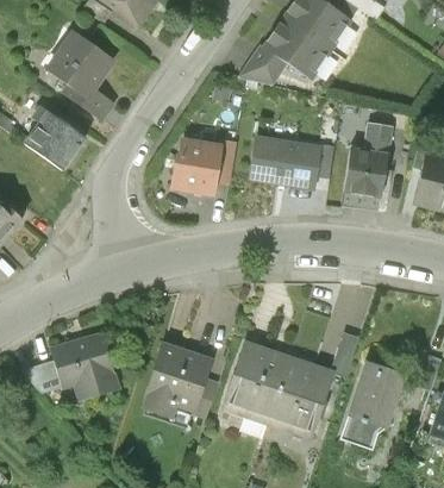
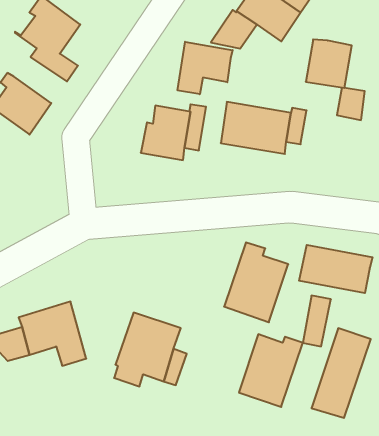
building: none -> [178,42,233,94]
building: [343,148,388,195] -> [306,39,352,88]
building: none -> [299,245,373,293]
building: [224,343,287,421] -> [224,242,288,322]

